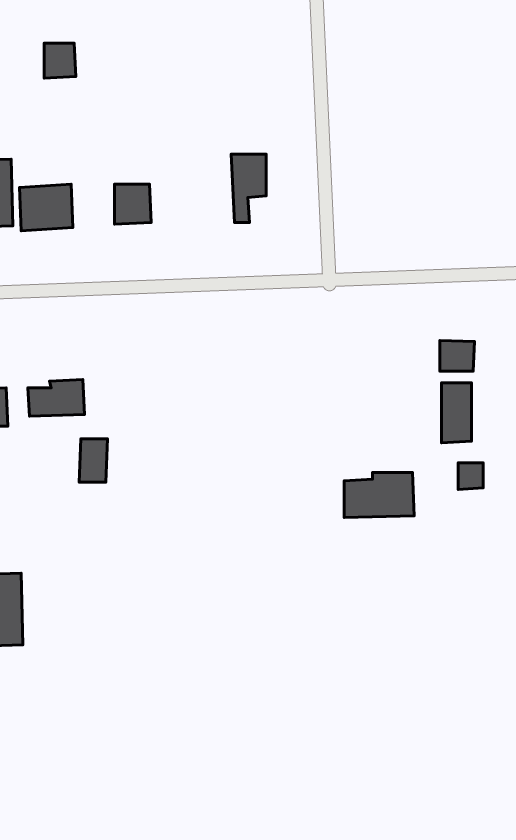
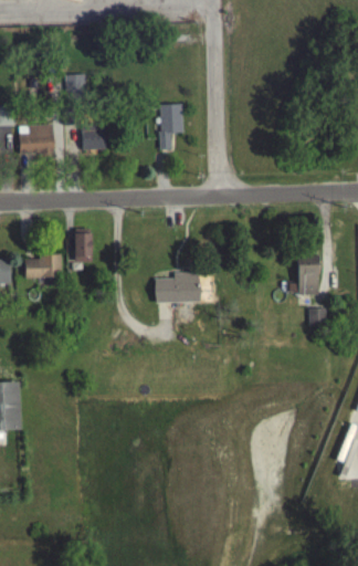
building: [44,43,76,78] -> [66,75,87,98]
building: [440,340,475,371] -> none
building: [79,439,107,482] -> [74,234,93,263]
building: [344,472,414,518] -> [155,274,201,304]

